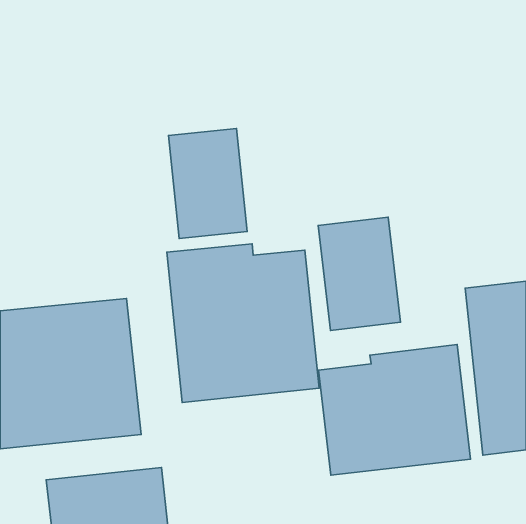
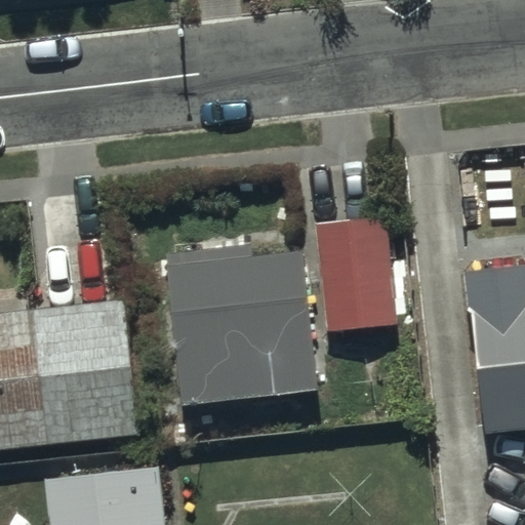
building: [168,129,247,239] -> none
building: [319,345,471,475] -> none

